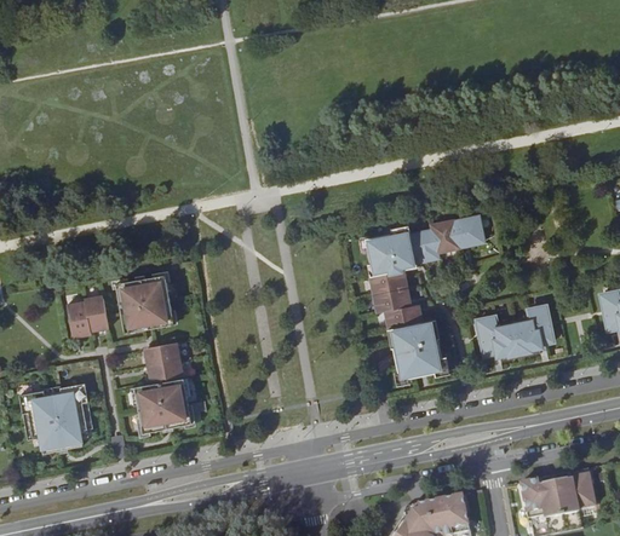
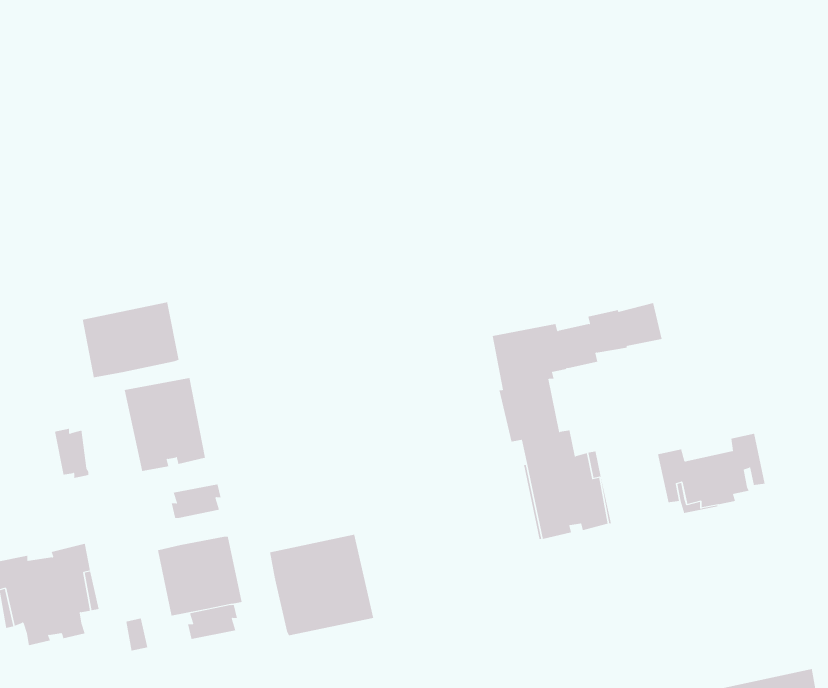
building: none -> [82,302,179,378]
building: [80,295,104,330] -> none
building: [147,358,182,382] -> [187,605,238,639]
building: none -> [269,534,374,636]

